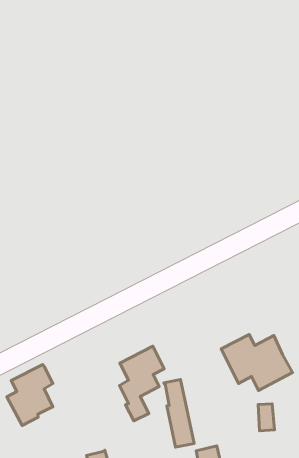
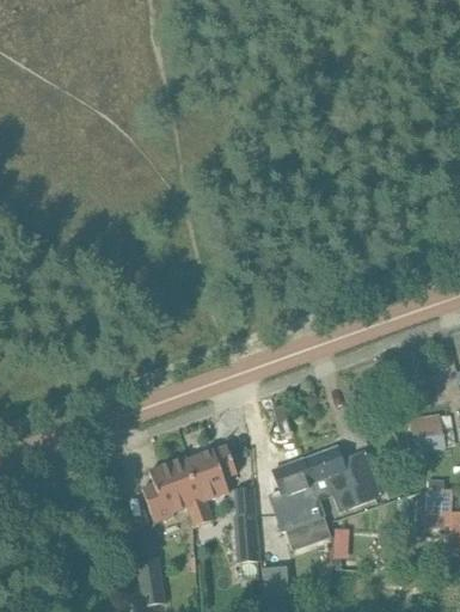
building: none -> [269,458,320,543]
building: [7,365,53,426] -> [141,457,195,522]

